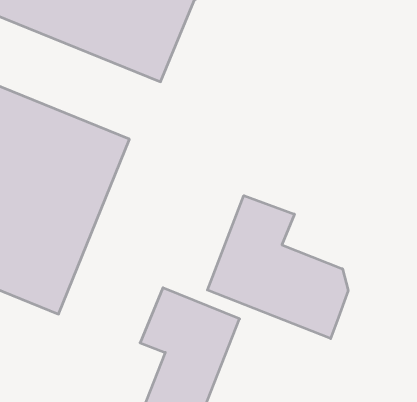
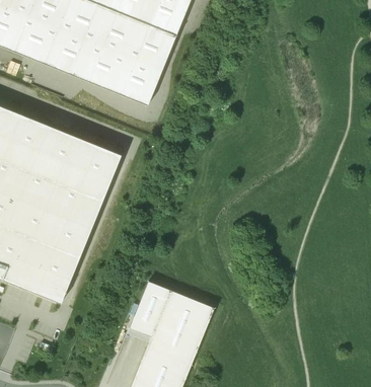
building: [207,196,348,339] -> none

